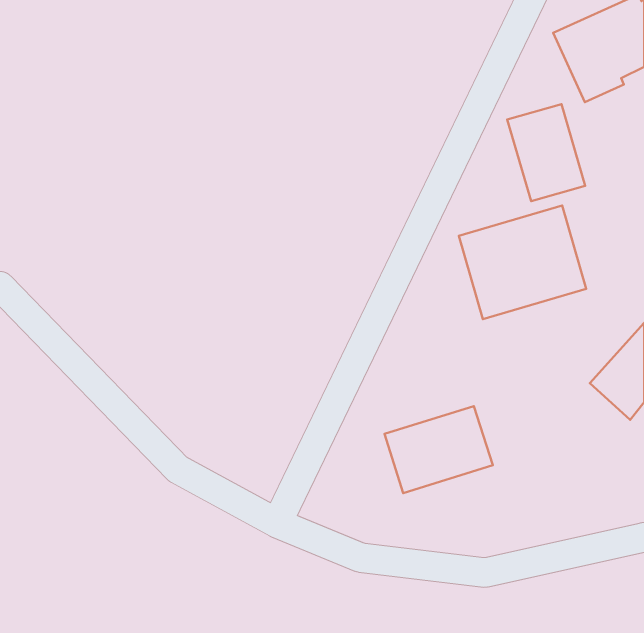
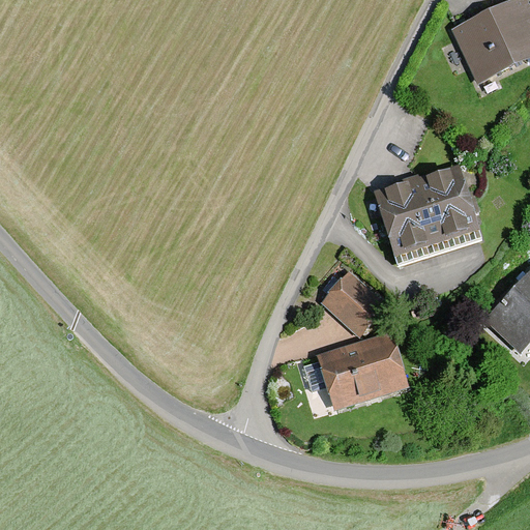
building: [507,104,585,201] -> none
building: none -> [324,275,377,328]

